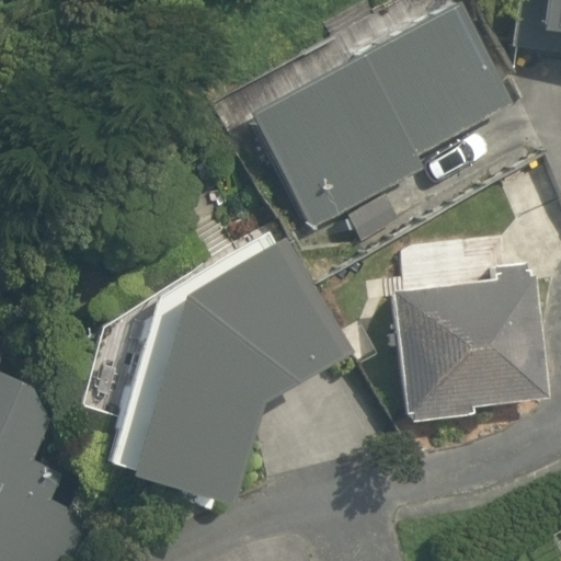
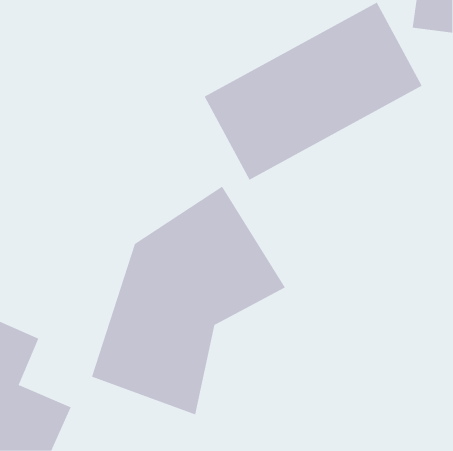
building: [396,255,541,413] -> none

